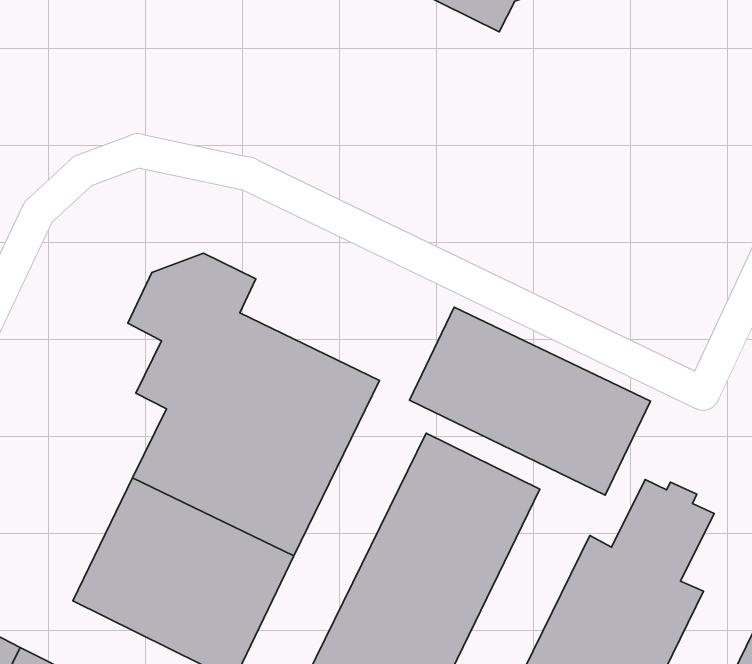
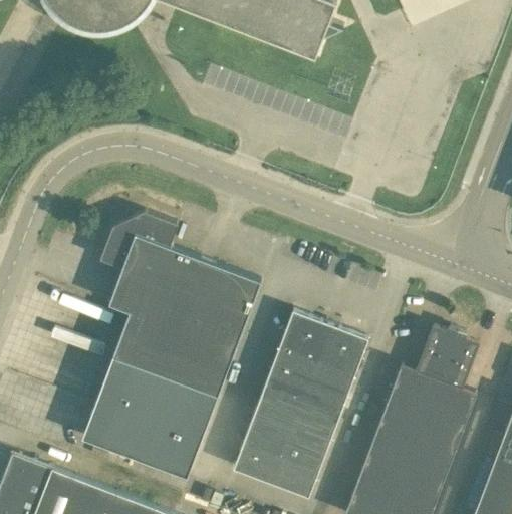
building: [409,307,651,495] -> none

